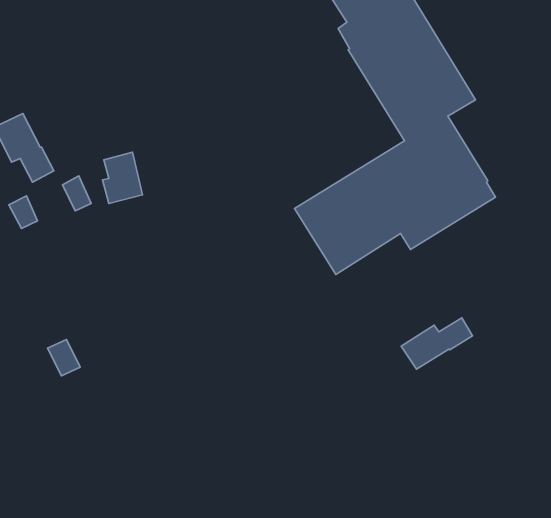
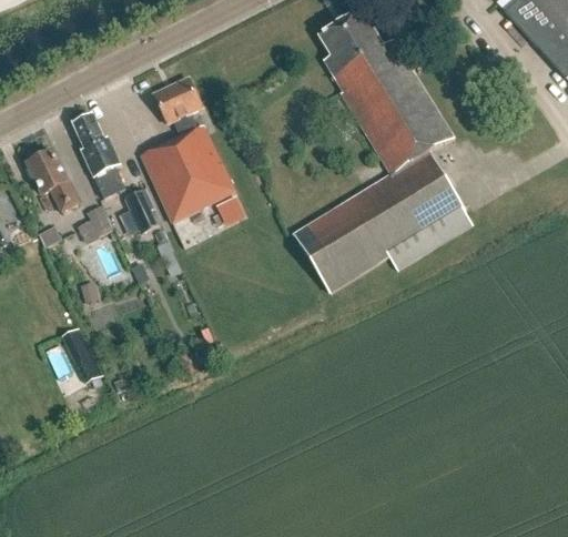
building: none -> [140,75,236,221]
building: none -> [73,113,124,199]
building: [401,318,473,369] -> none

